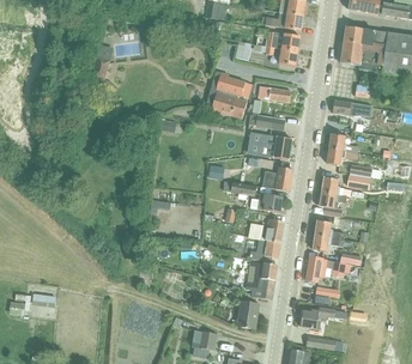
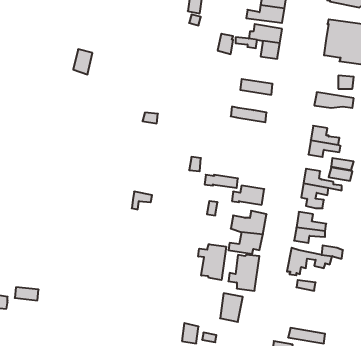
building: [208,71,250,119] -> none
building: [256,134,291,159] -> none
building: [262,164,293,190] -> none
building: none -> [198,244,226,280]
building: [299,307,346,328] -> none

